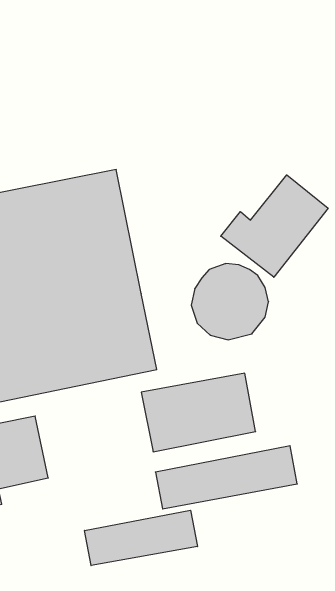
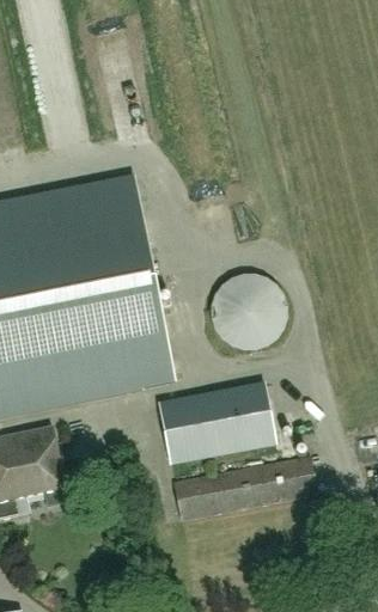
building: [221,175,328,277] -> none
building: [85,510,197,566] -> none

